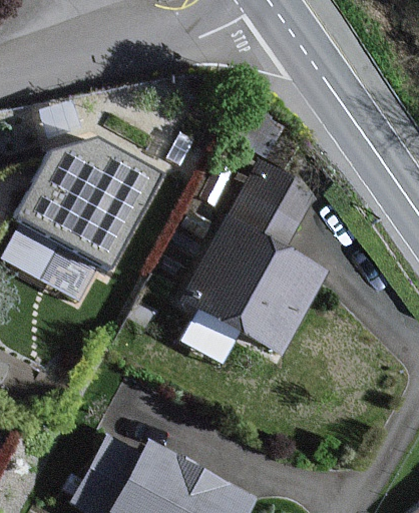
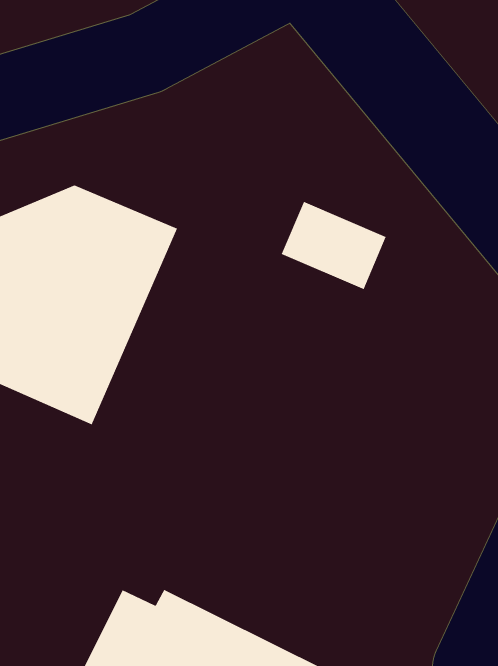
building: [176,220,328,357] -> none

